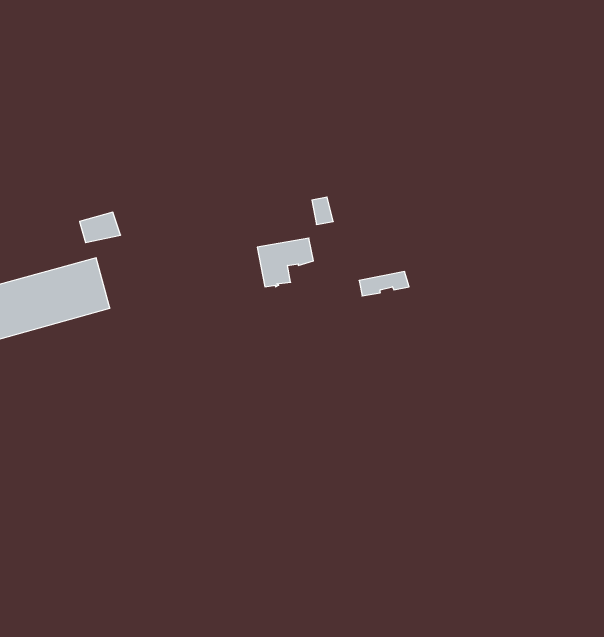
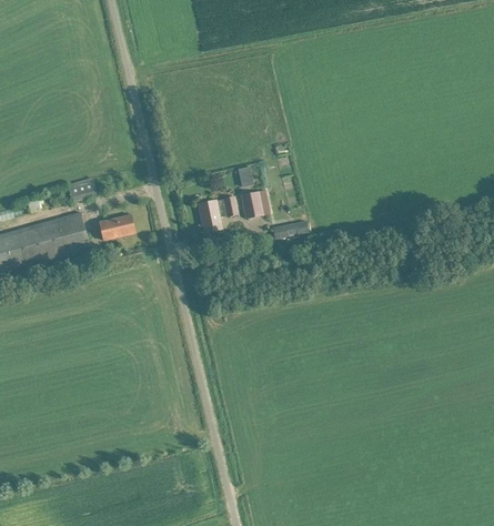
building: none -> [240,189,270,218]
building: none -> [99,214,134,241]

